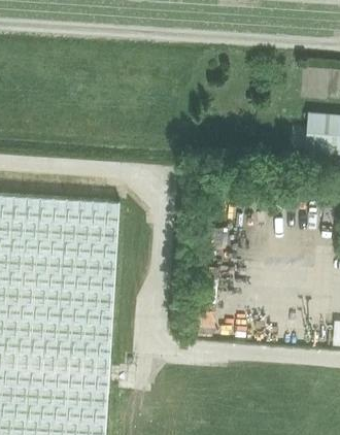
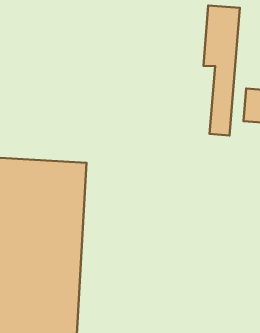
building: none -> [203,6,240,135]

